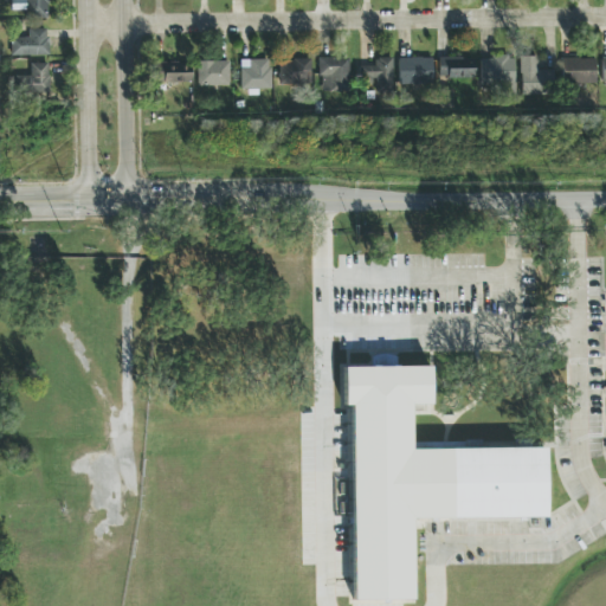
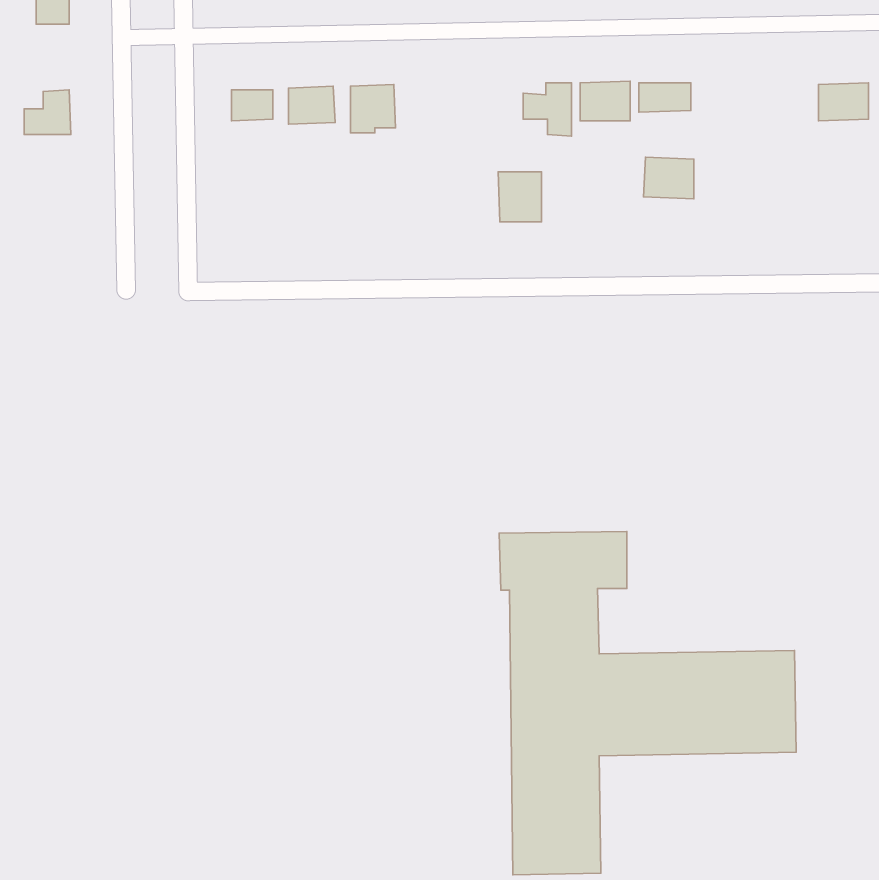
building: [13,27,51,54] -> none
building: [522,54,555,94] -> none
building: [281,57,314,84] -> none
building: [321,57,350,91] -> [498,172,541,222]
building: [482,57,516,85] -> [644,157,694,199]

